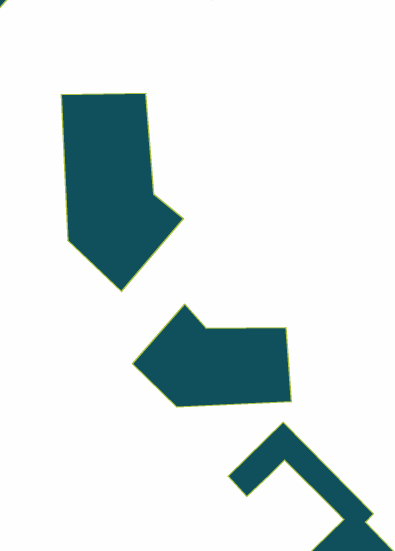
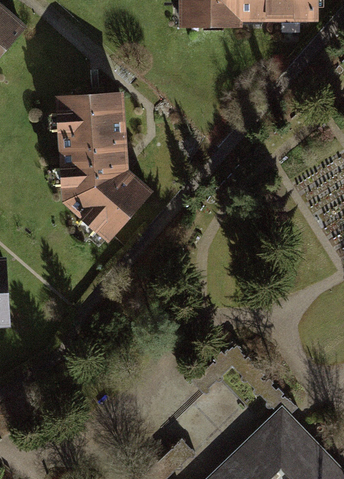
building: [133,304,291,407] -> none

